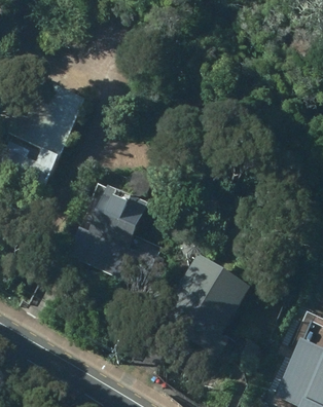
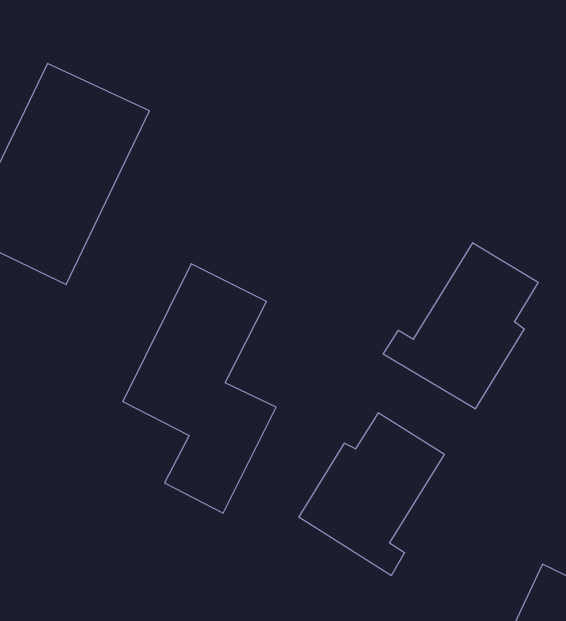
building: none -> [383,243,538,409]

